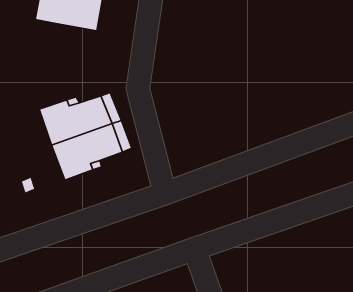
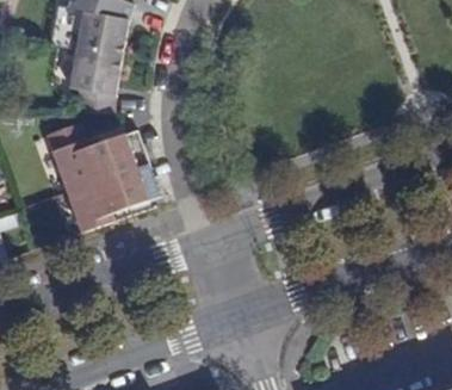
building: none -> [68,49,120,111]

